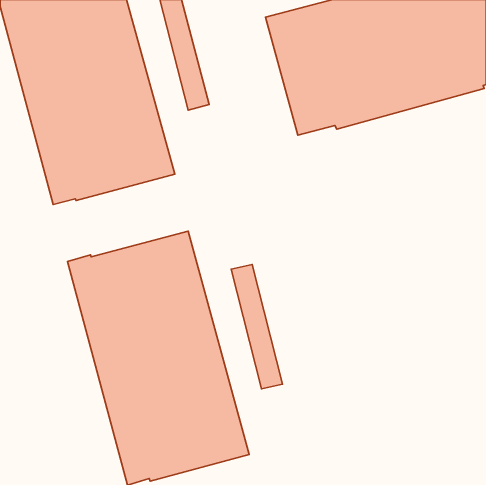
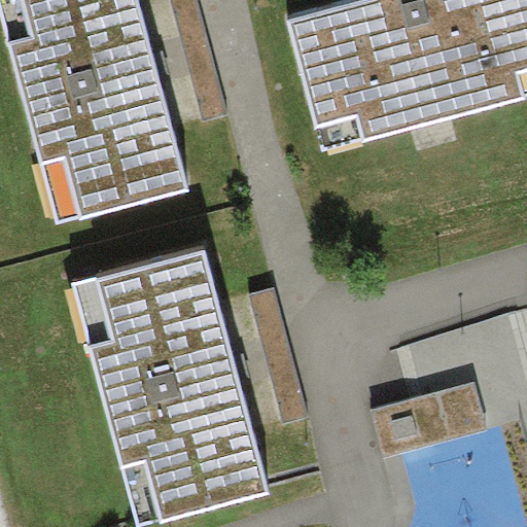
building: none -> [375,387,483,456]

